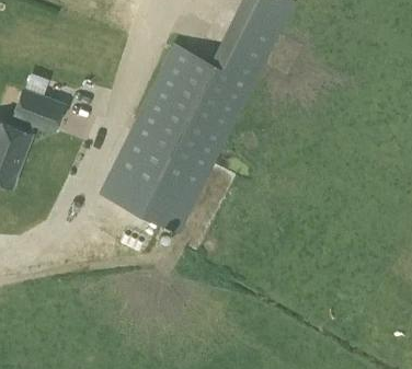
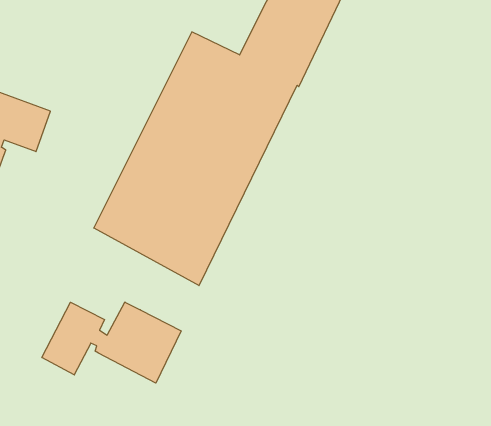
building: none -> [42,302,181,383]

